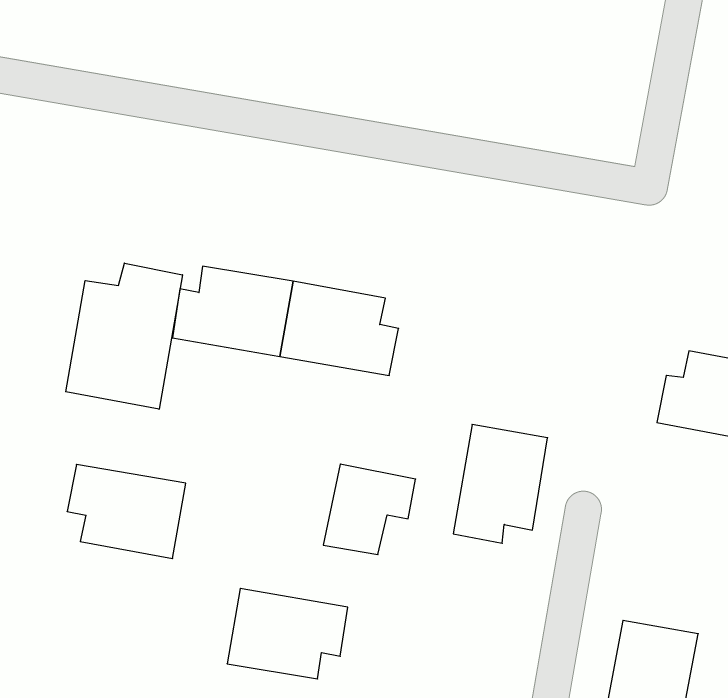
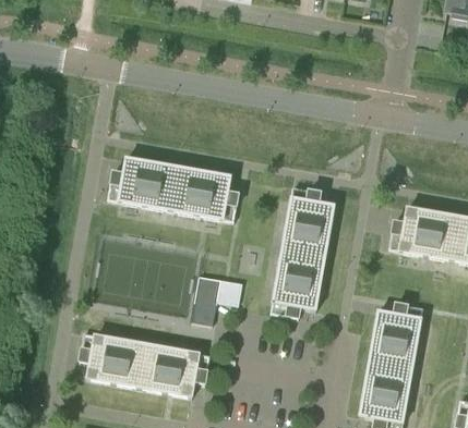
building: [66,263,182,409] -> none
building: none -> [281,187,334,257]
building: [67,464,186,559] -> [79,333,147,388]
building: none -> [369,303,423,370]

